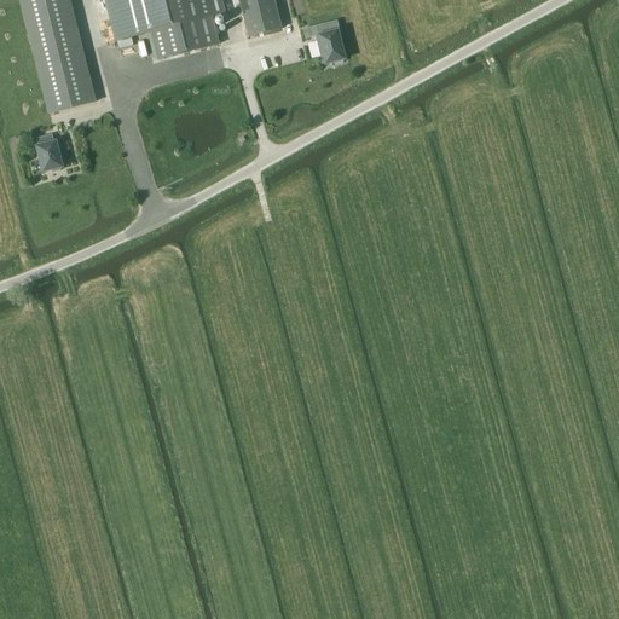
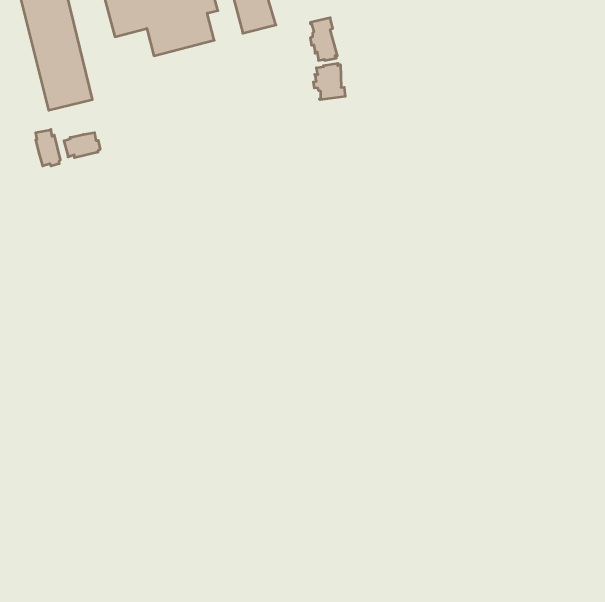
building: none -> [313,63,345,100]
building: none -> [64,133,100,158]

